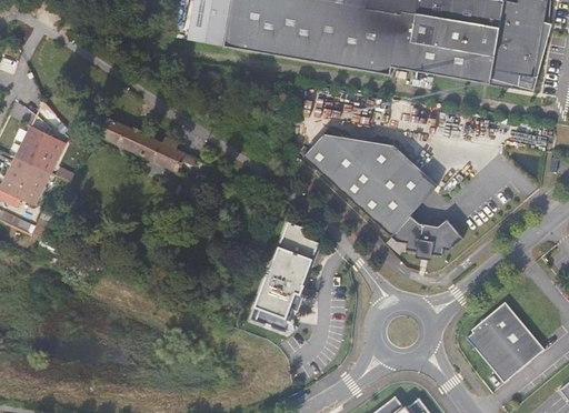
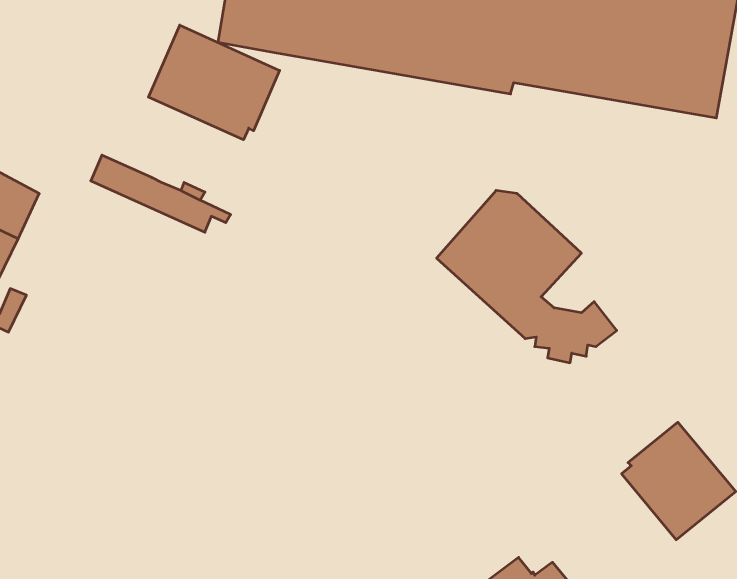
building: none -> [148,25,280,140]
building: [302,132,379,188] -> none
building: [250,221,318,330] -> none

